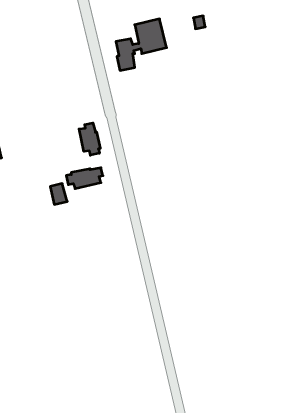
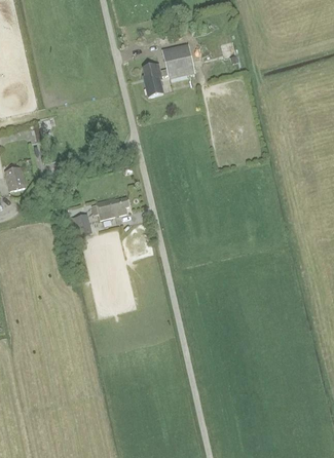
building: [79,123,100,155] -> none

